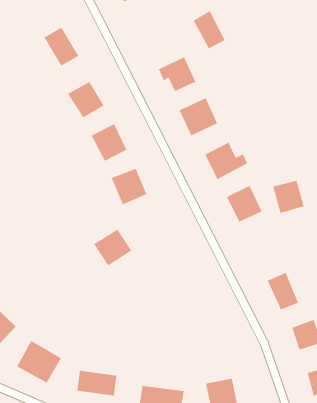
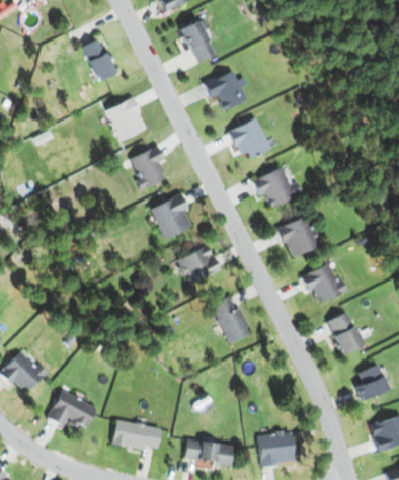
building: [193,10,226,49] -> [178,19,215,63]
building: [273,180,304,214] -> [308,264,343,302]
building: [93,229,132,266] -> [178,243,222,285]
building: none -> [217,294,254,342]

